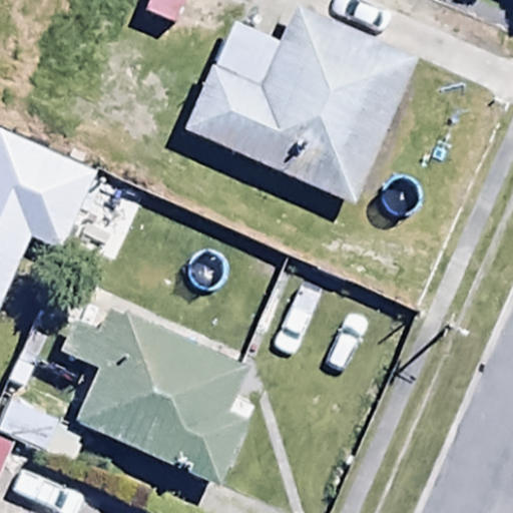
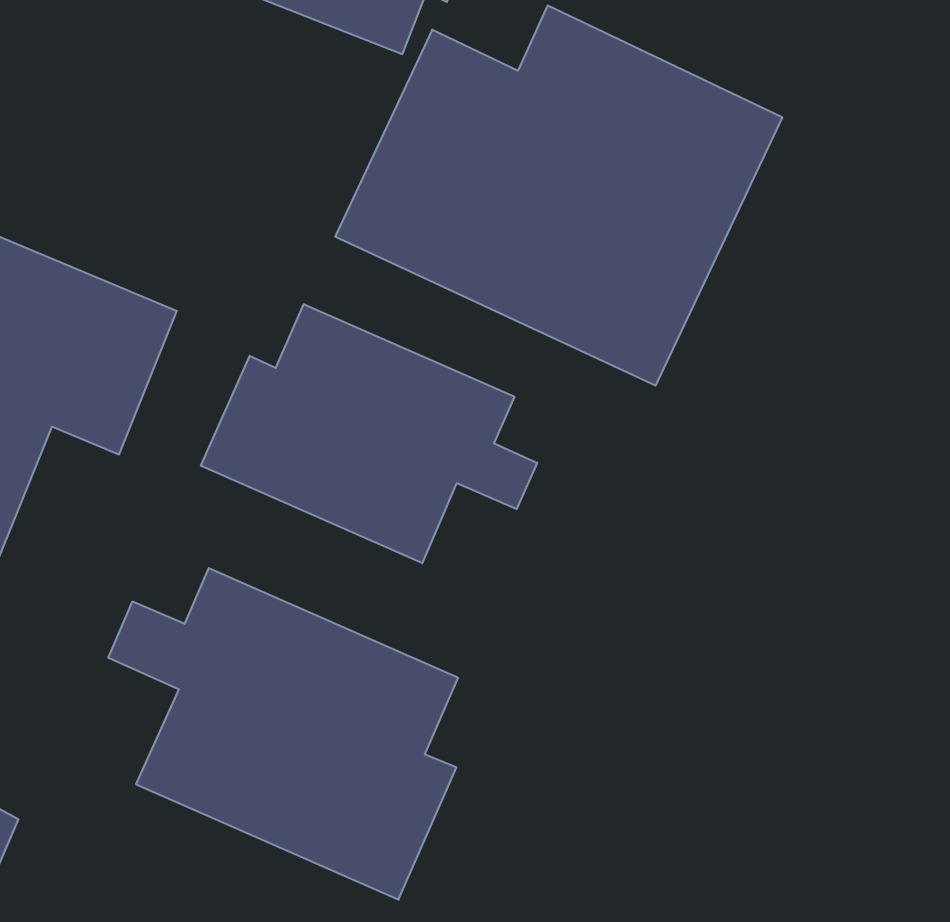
building: none -> [201,304,537,563]

